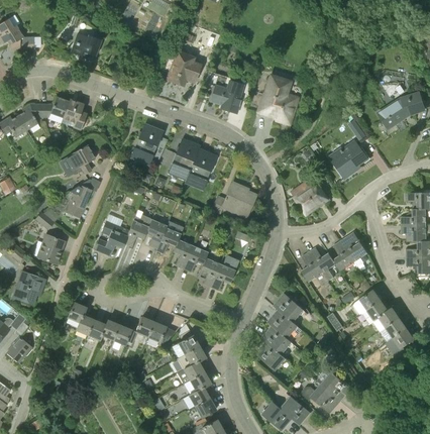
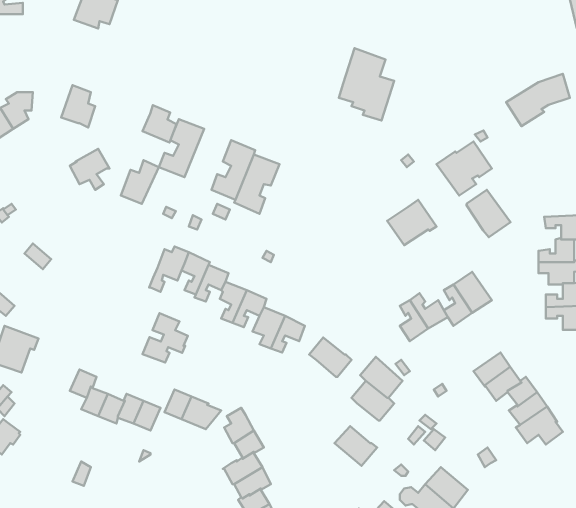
building: [167,50,200,85] -> none
building: [210,79,244,112] -> none
building: [39,97,68,122] -> none
building: none -> [142,105,176,142]
building: none -> [467,190,511,237]
building: [211,183,255,213] -> none
building: [64,185,91,216] -> [121,160,159,204]
building: [94,220,126,255] -> [143,313,188,363]
building: [36,233,63,263] -> none
building: [261,326,292,354] -> [309,337,352,377]

